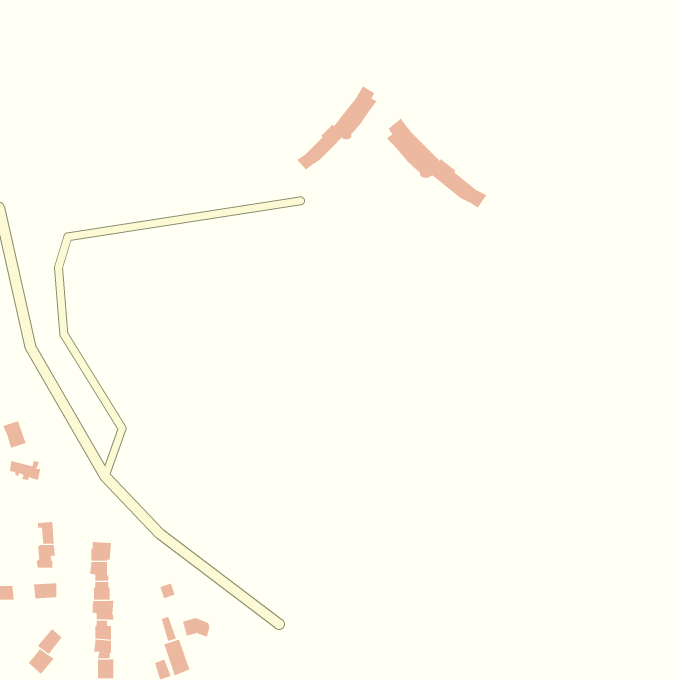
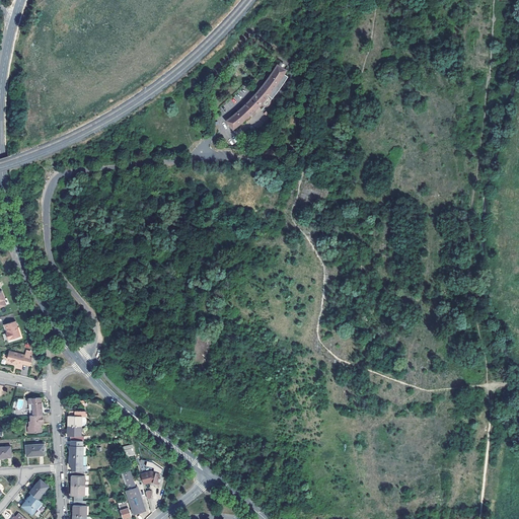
building: [386,118,487,208] -> none

